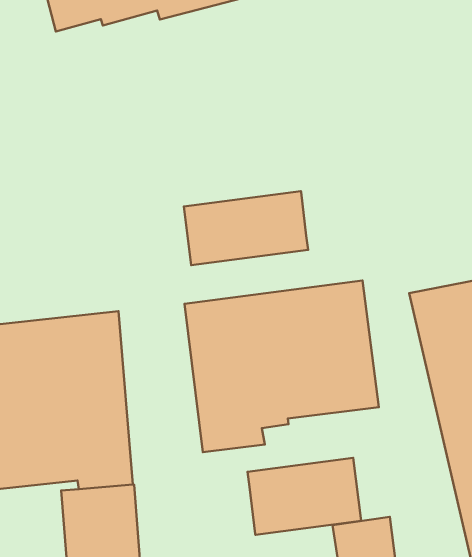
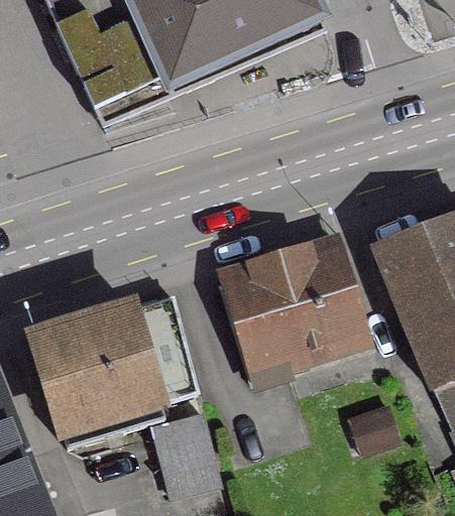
building: [184,191,308,265] -> none
building: [247,458,361,535] -> none

